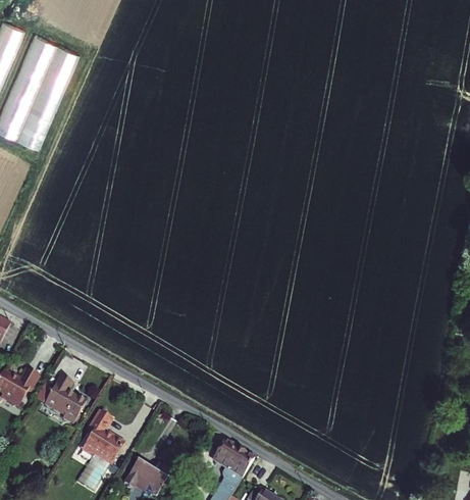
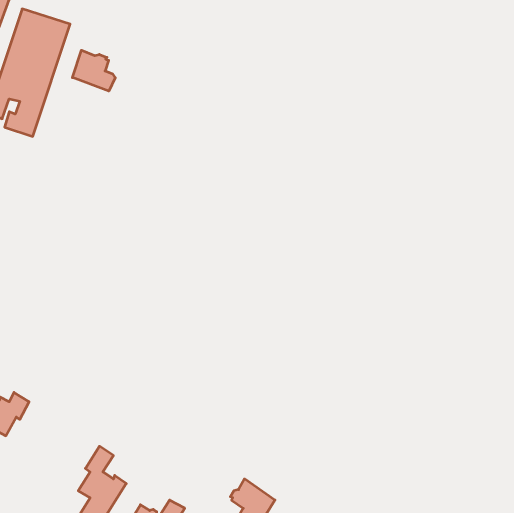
building: none -> [72,50,115,91]
building: [43,376,84,423] -> none

